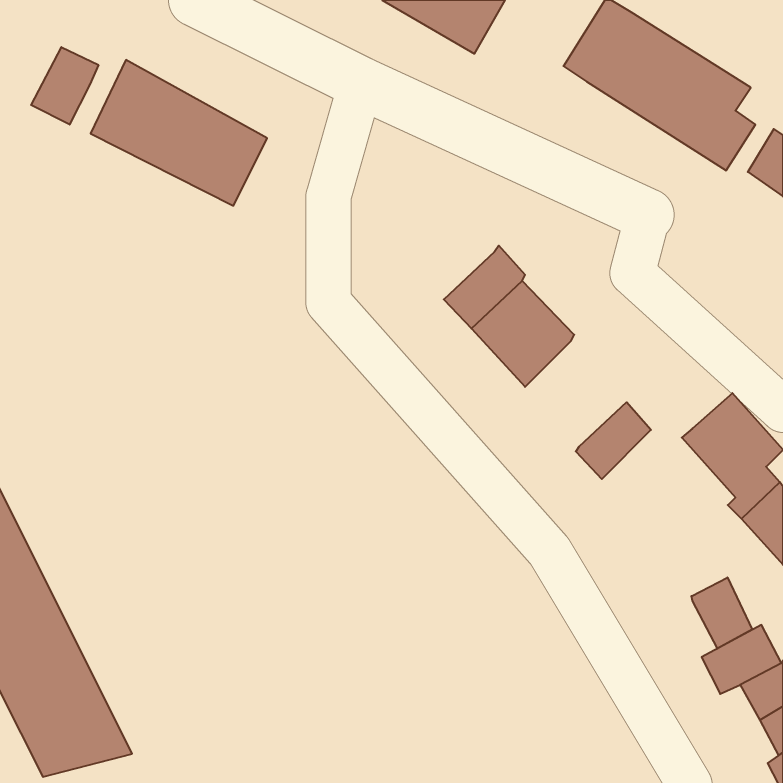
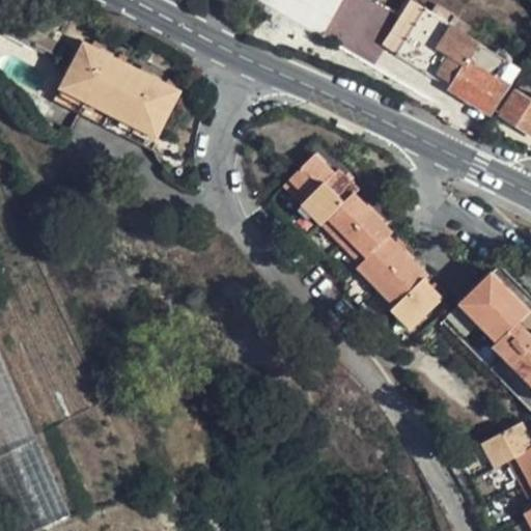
building: [31,47,98,125] -> none
building: none -> [281,151,334,203]
building: none -> [354,231,423,303]
building: [691,577,752,649] -> none

